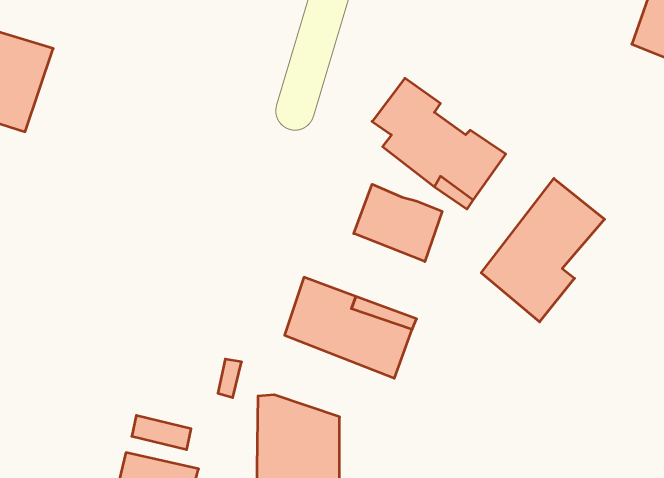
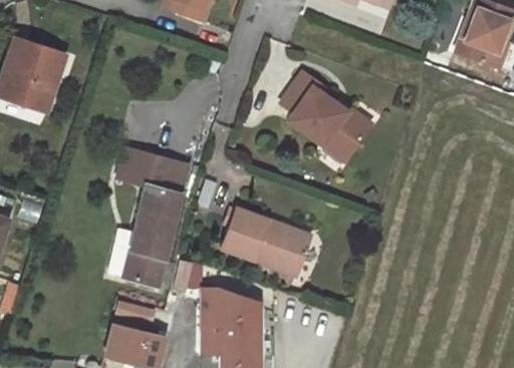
building: [481,178,605,322] -> none
building: [354,184,442,262] -> none
building: none -> [119,149,197,286]

